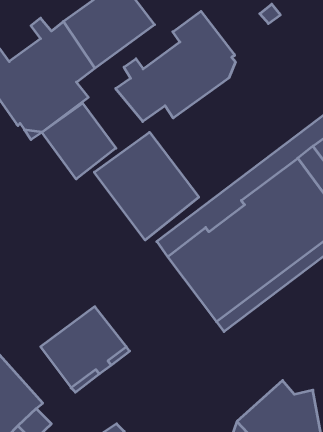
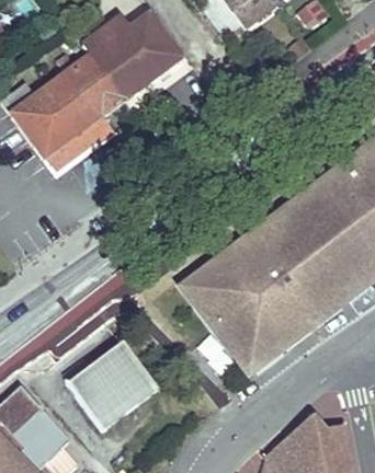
building: [116,11,235,122] -> none
building: [42,103,116,179] -> none
building: [94,132,199,240] -> none

